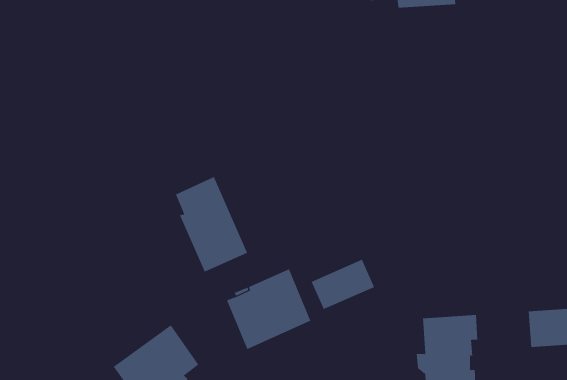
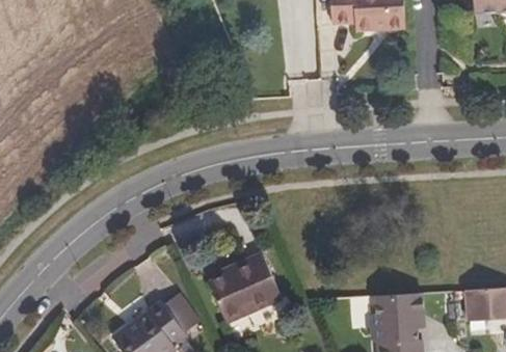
building: [175,176,248,272] -> none
building: [311,259,375,310] -> none

